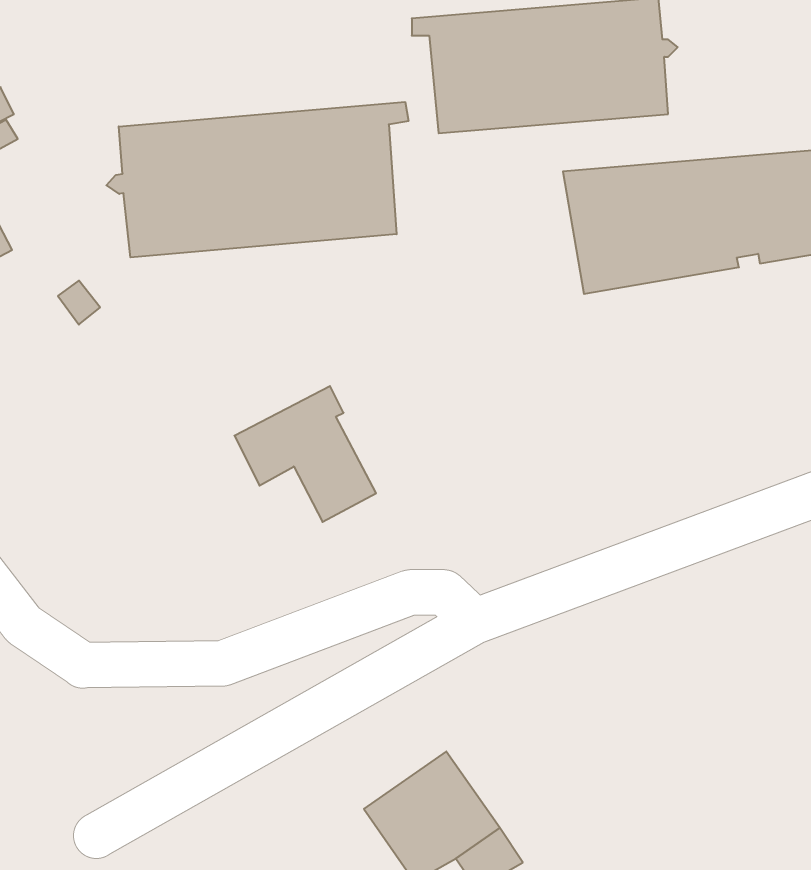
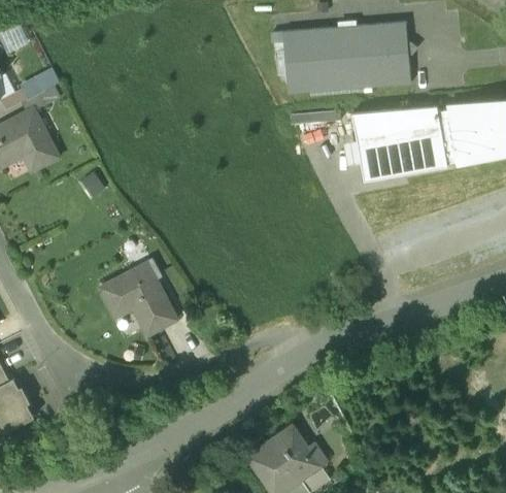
building: [106,102,408,257] -> none
building: [234,386,376,522] -> [100,260,176,333]

